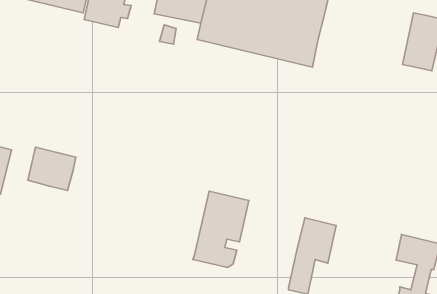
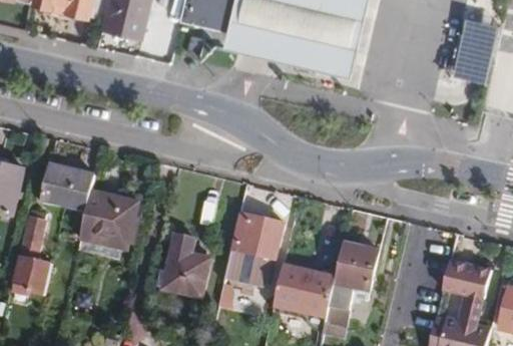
building: none -> [77,190,140,261]
building: none -> [15,209,50,294]
building: none -> [154,234,210,297]
building: none -> [273,264,334,318]

